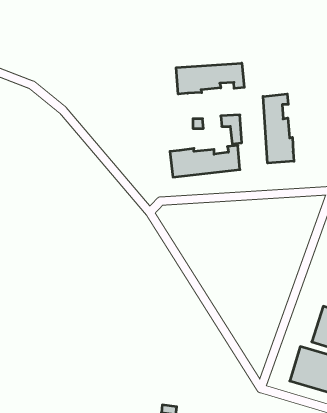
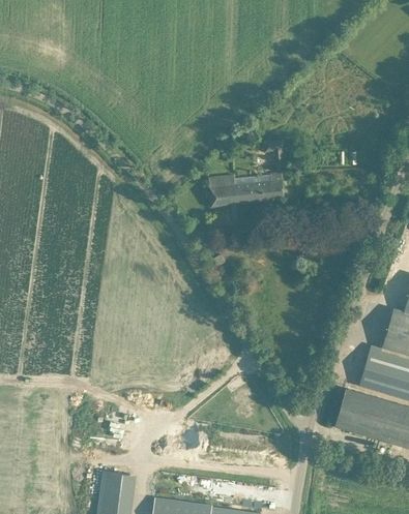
building: [176,63,244,94] -> none
building: [263,94,294,163] -> none

